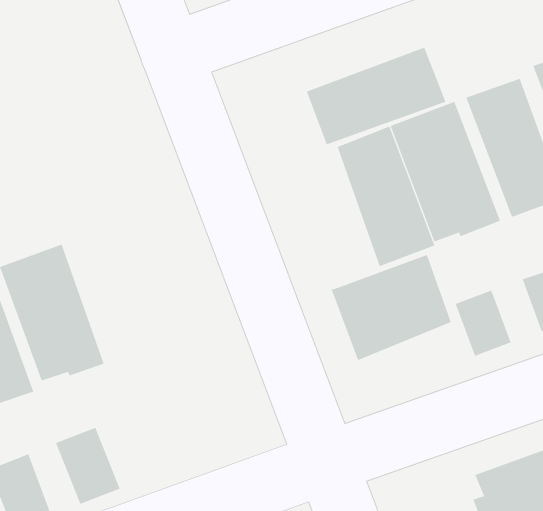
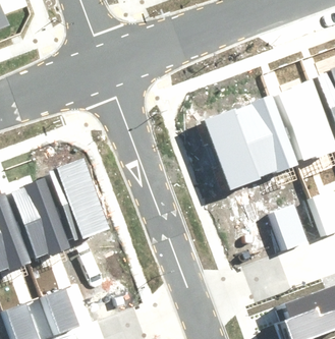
building: [306,47,446,145] -> none
building: none -> [49,160,110,239]
building: [331,254,452,361] -> none

